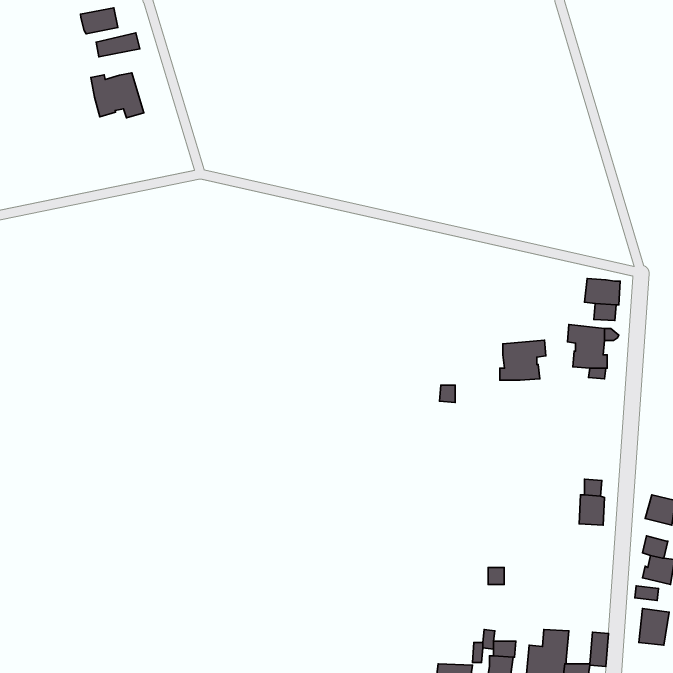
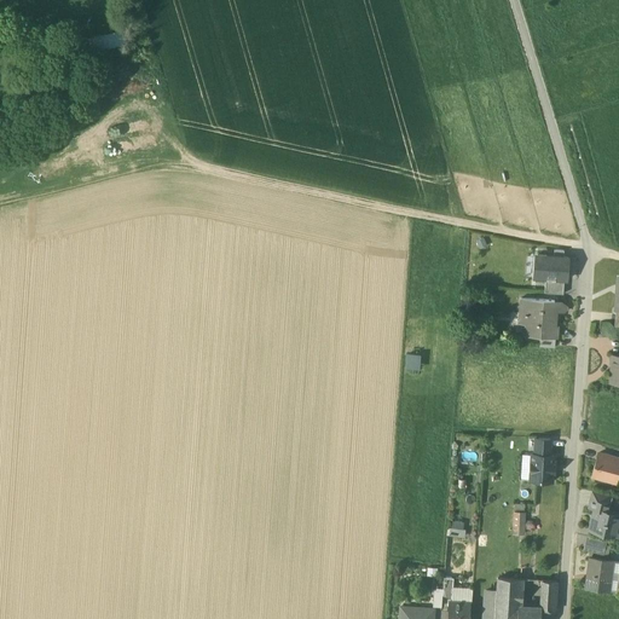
building: [80,8,118,34] -> none
building: [91,73,144,118] -> none
building: [500,340,546,380] -> none

